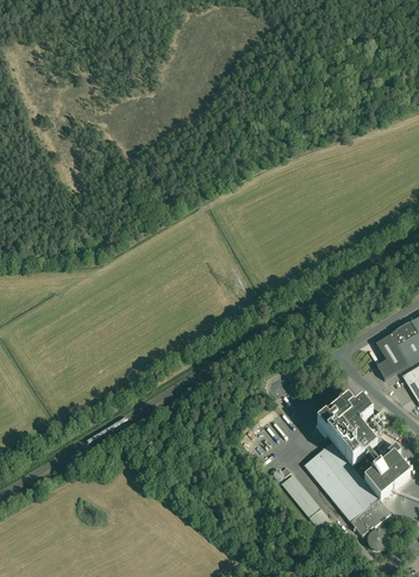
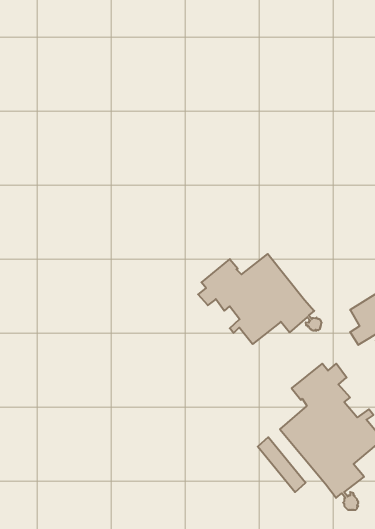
building: none -> [198,254,322,344]

